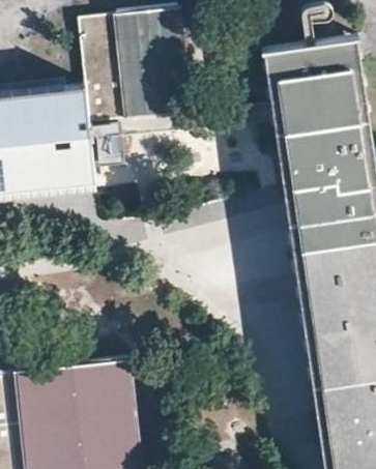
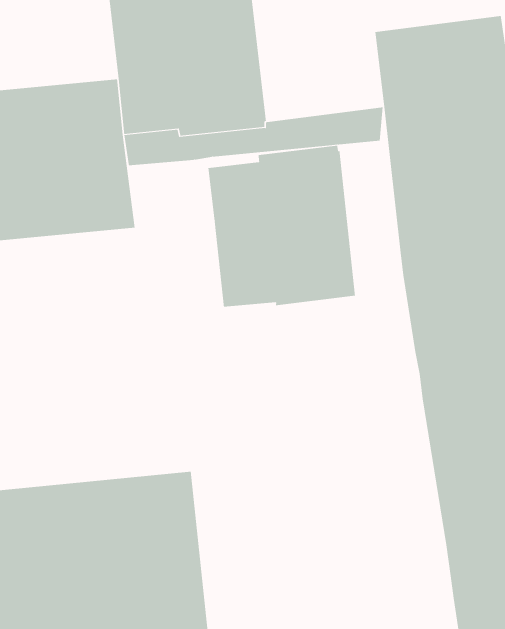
building: none -> [208,145,355,308]

